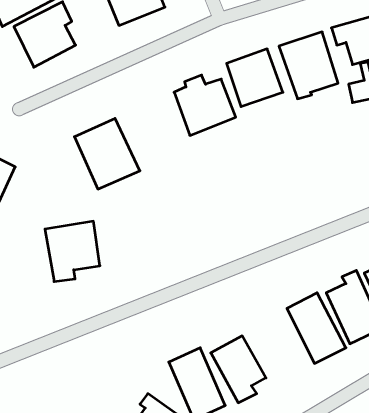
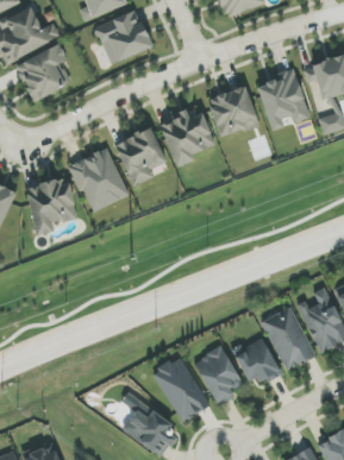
building: none -> [115,128,165,187]
building: [45,221,100,282] -> [26,179,76,234]
building: none -> [233,336,281,386]

